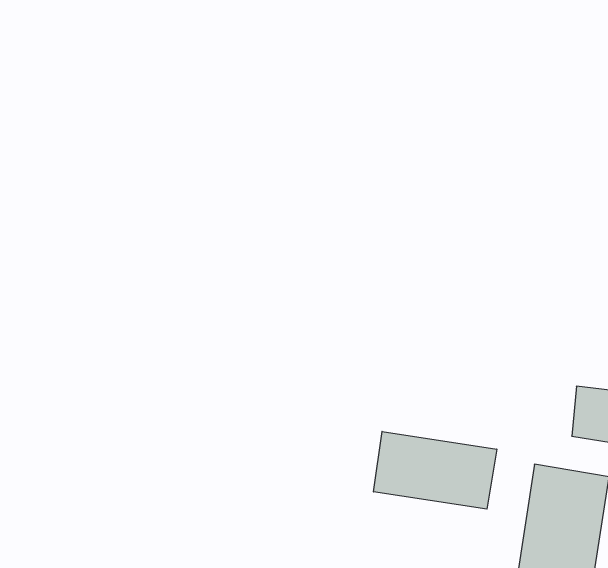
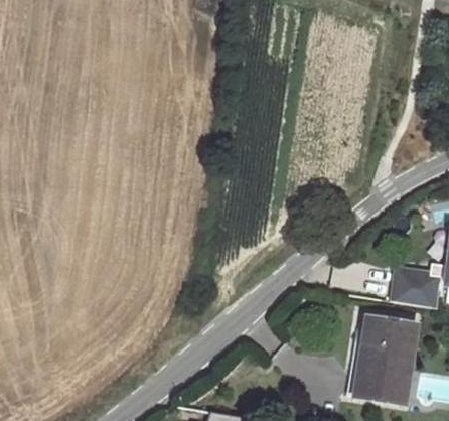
building: [374,431,497,509] -> none

